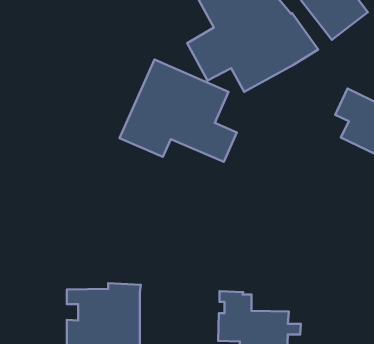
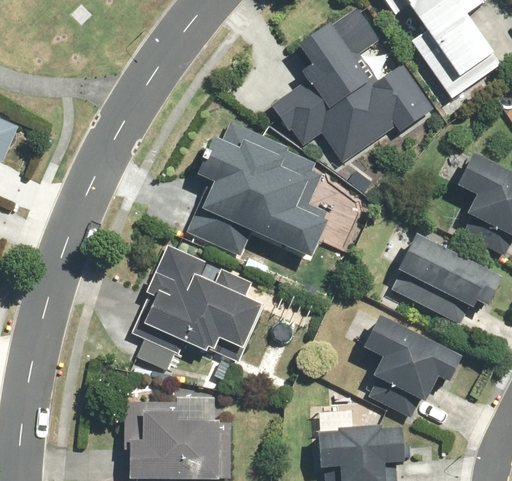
building: none -> [395,234,499,308]
building: none -> [143,245,271,356]
building: none -> [353,309,460,401]

